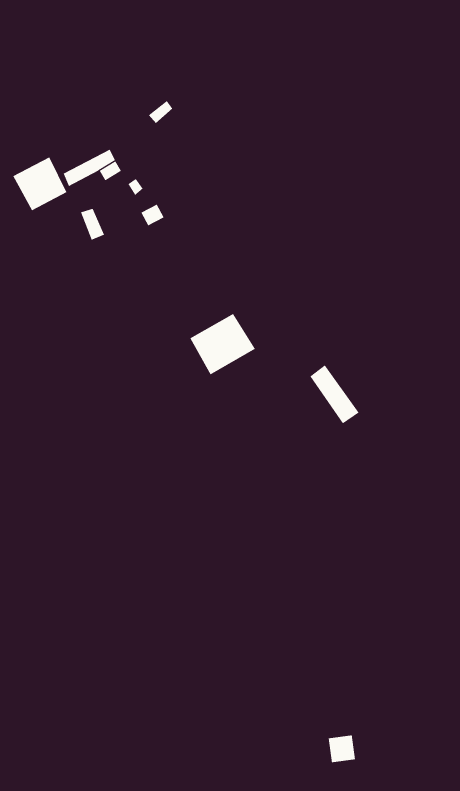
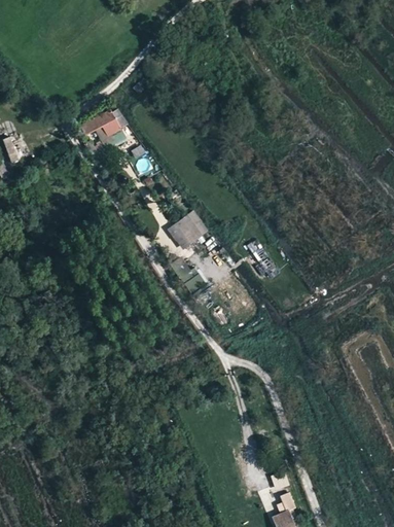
building: [13,157,67,211] -> none

